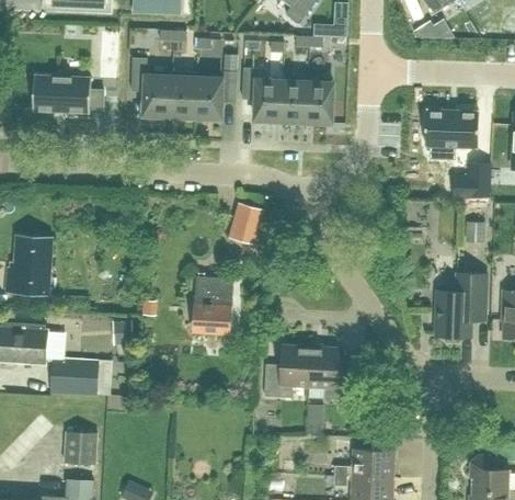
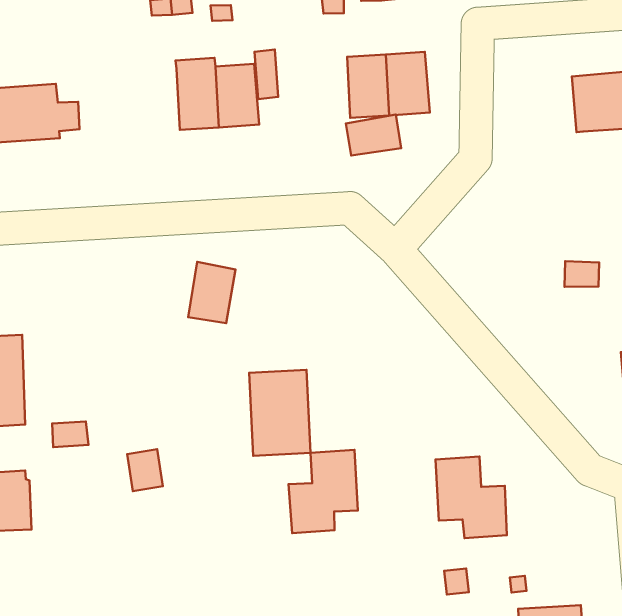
building: [130,58,171,116] -> none
building: [254,80,282,121] -> none
building: [227,205,261,247] -> [188,262,236,323]
building: [264,345,310,397] -> [289,450,358,533]
building: [50,357,98,396] -> none

